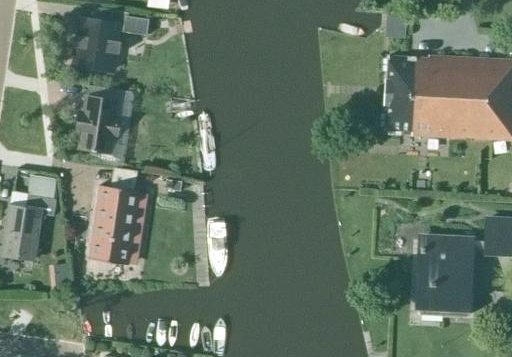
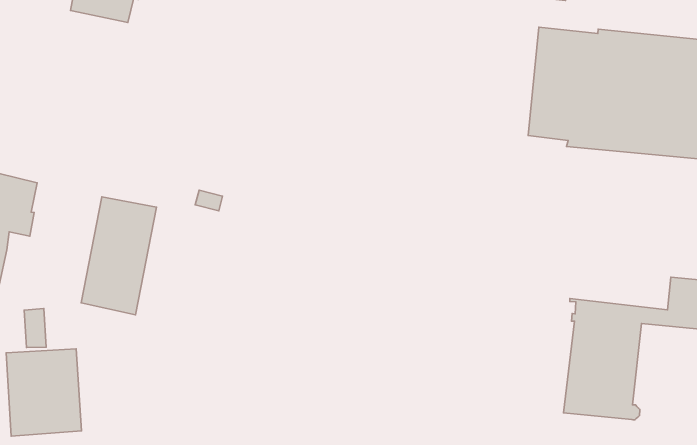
building: [76,96,122,154] -> none
building: none -> [6,349,82,436]

